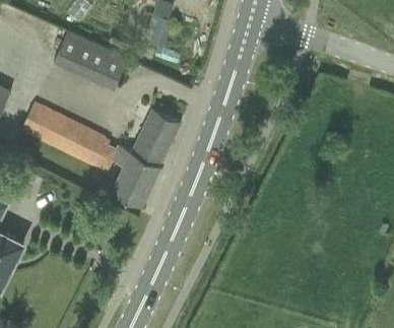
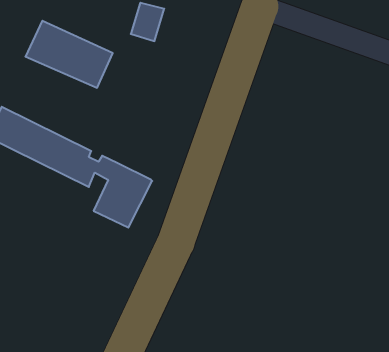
building: [132,110,181,166] -> none

